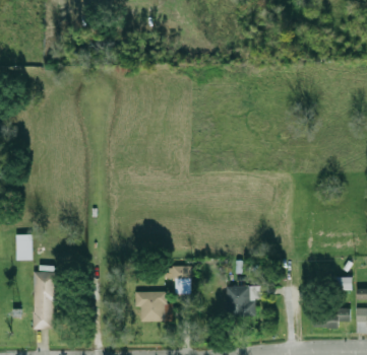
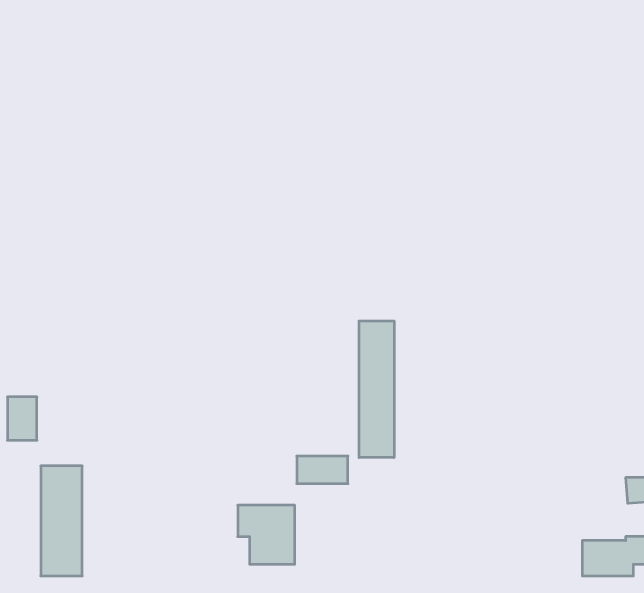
building: none -> [359,321,394,458]
building: [225,286,260,316] -> none

